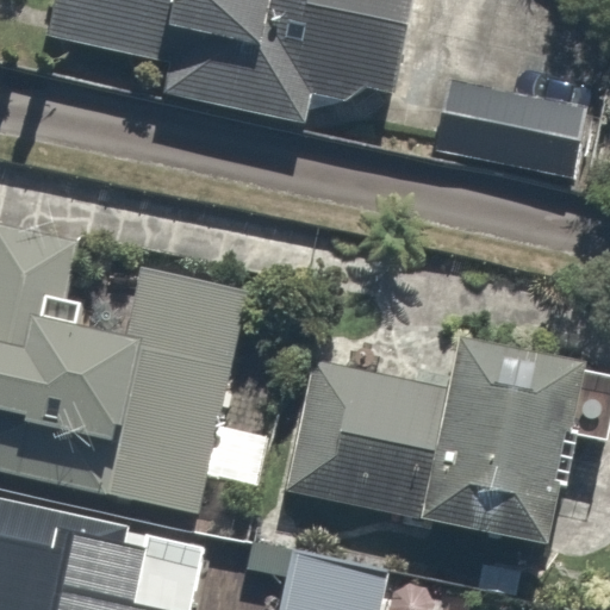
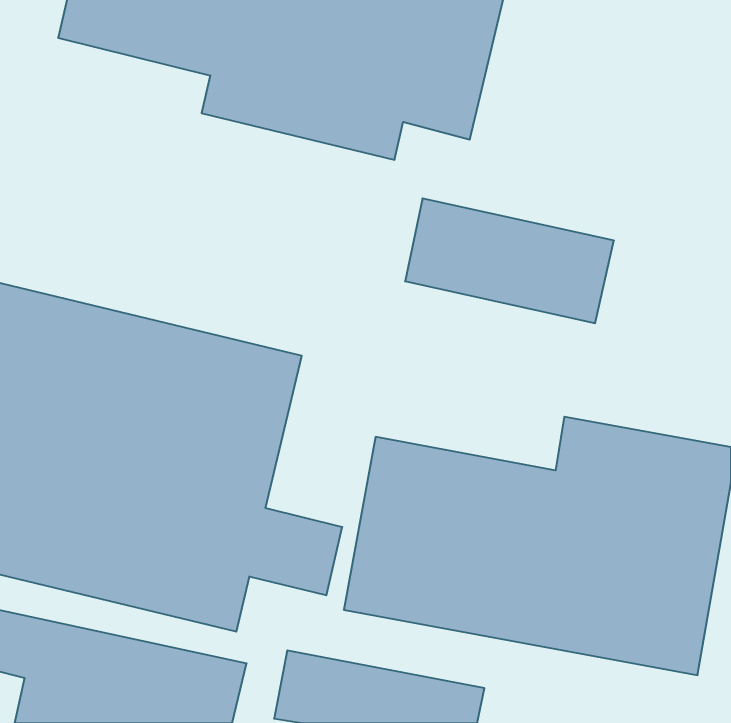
building: [421,77,592,180] -> [405,198,614,323]

